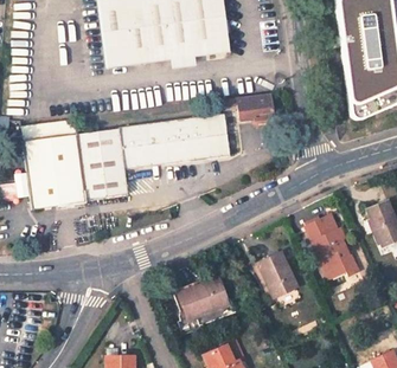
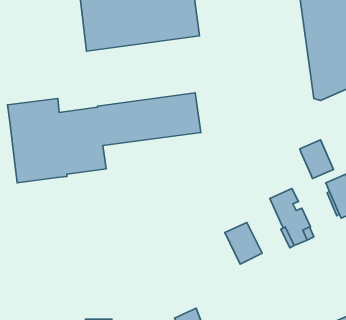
building: [239,92,274,120] -> none
building: none -> [300,140,334,179]
building: [179,278,229,318] -> none

